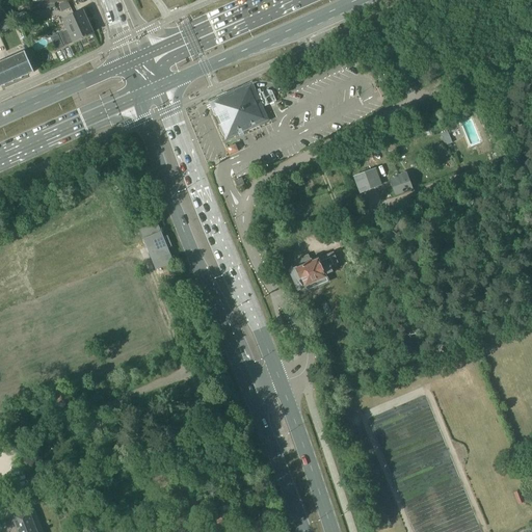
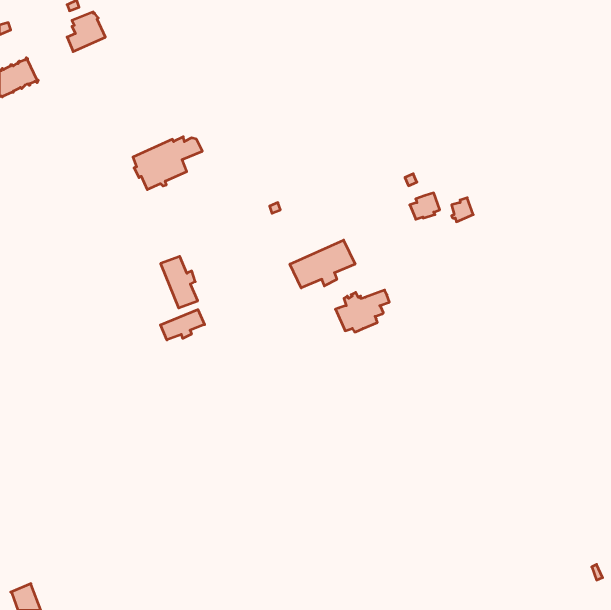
building: [215,87,275,133] -> [133,137,202,190]
building: none -> [290,240,355,288]
building: none -> [160,310,205,340]

